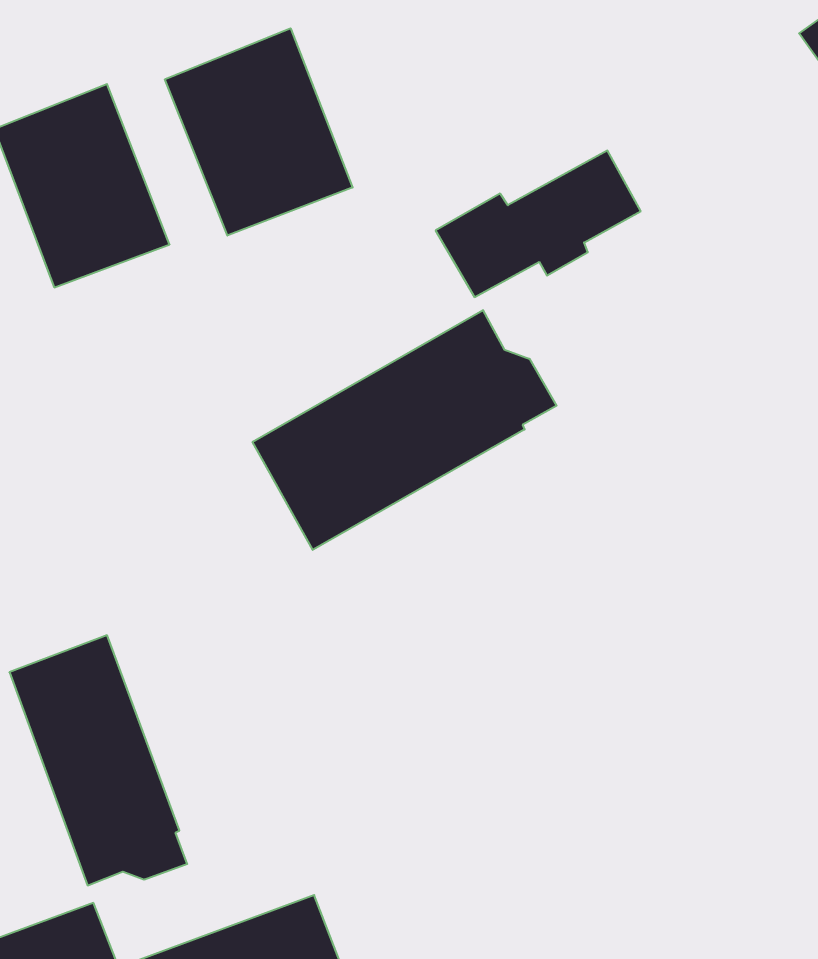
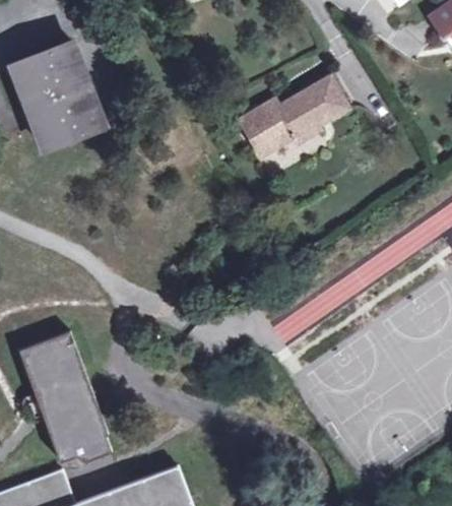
building: [165,28,353,236] -> none
building: [253,310,557,550] -> none

